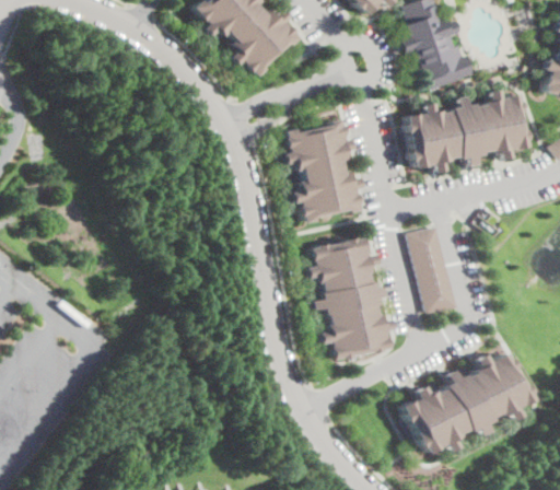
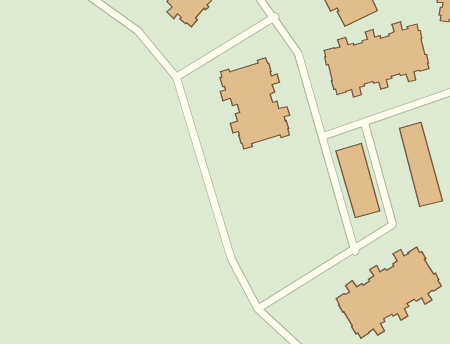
building: none -> [399,122,442,207]
building: [307,238,389,360] -> none

